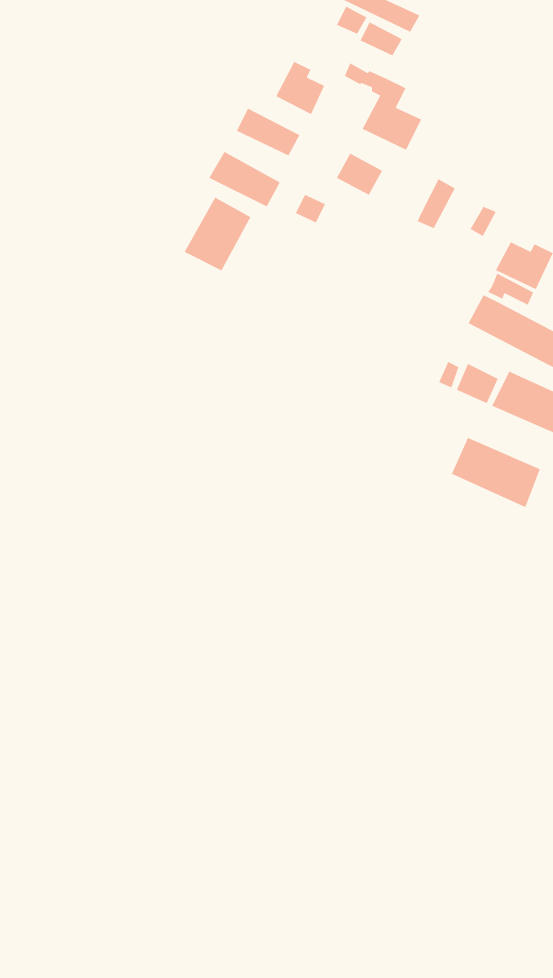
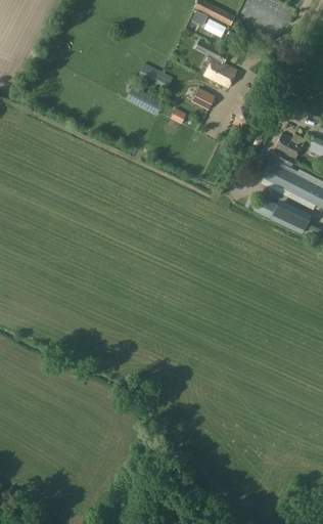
building: [275,61,325,115] -> none
building: [183,196,252,272] -> none
building: [451,437,541,508] -> none

